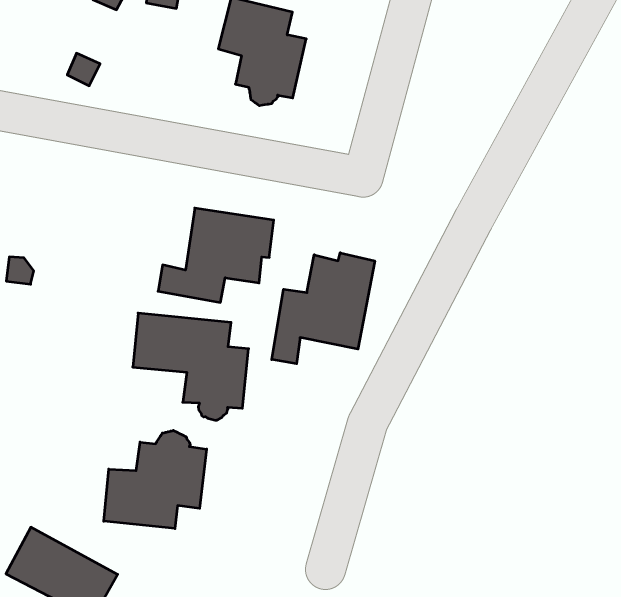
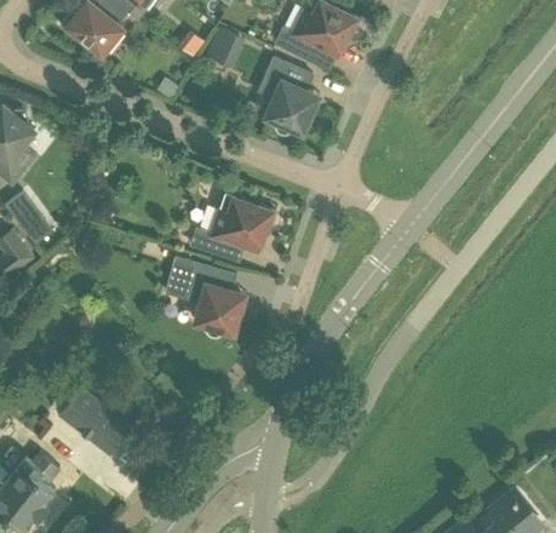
building: [272,253,375,364] -> none
building: [104,430,207,529] -> none

